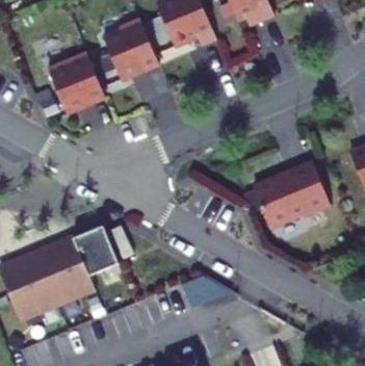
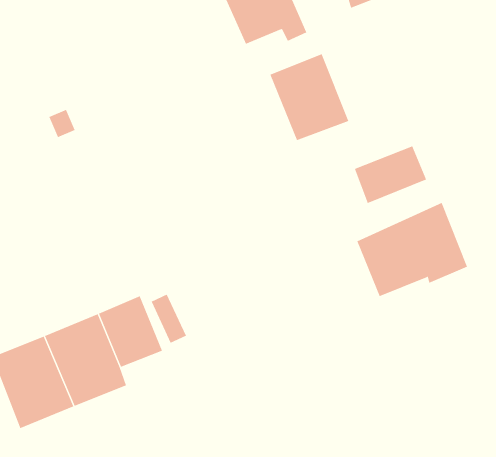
building: [105,27,160,87] -> [270,54,349,141]
building: [47,51,104,113] -> none
building: none -> [354,145,427,204]

